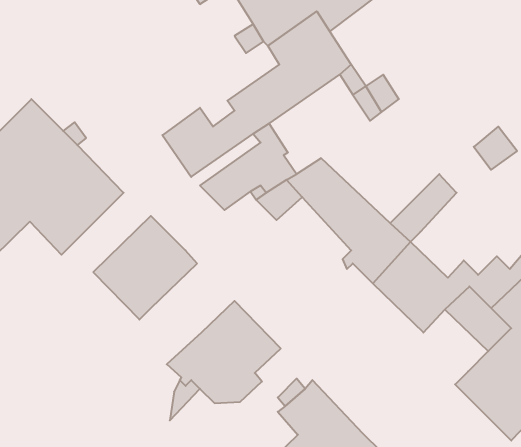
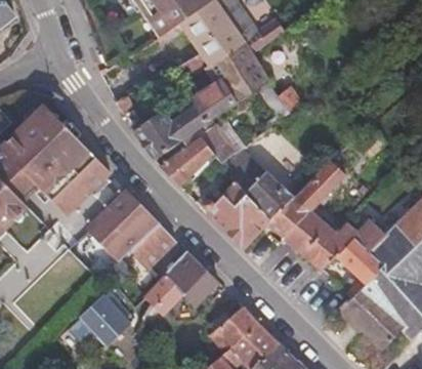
building: none -> [206,181,269,250]
building: none -> [127,222,176,272]
building: none -> [77,298,126,348]

